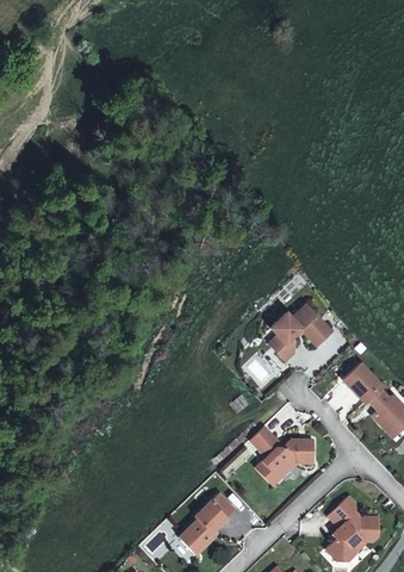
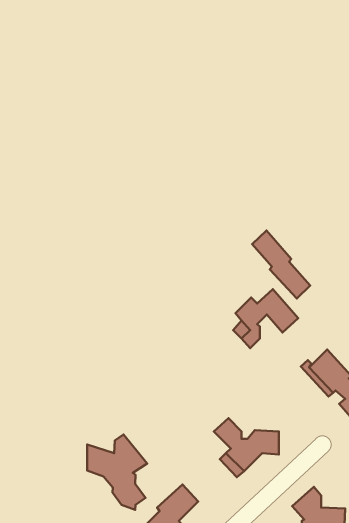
building: none -> [252,230,310,298]
building: none -> [87,434,147,510]

